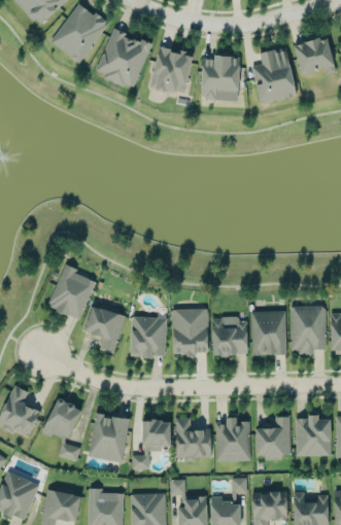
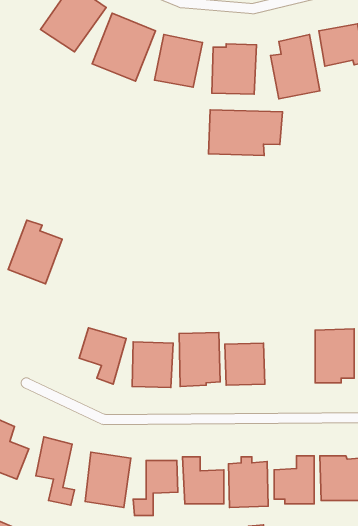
building: none -> [209,110,282,155]
building: [47,265,95,320] -> [8,220,62,284]
building: [251,311,286,355] -> none

